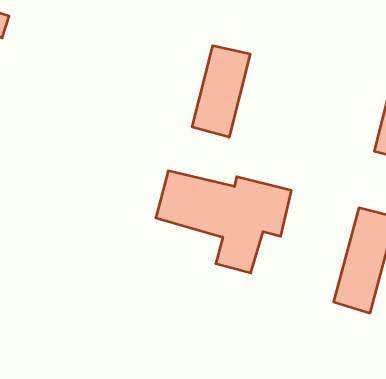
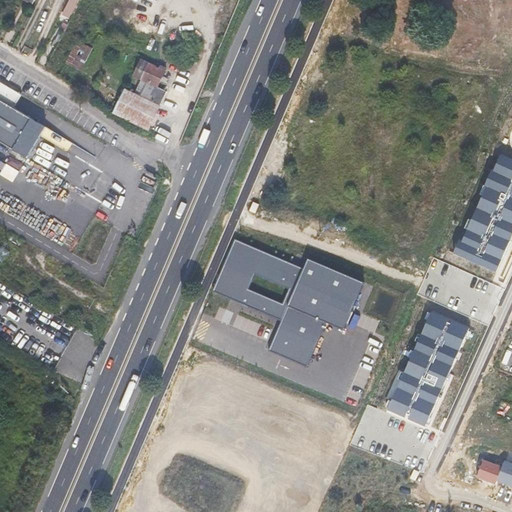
building: none -> [113,58,165,127]
building: [192,46,250,137] -> none

